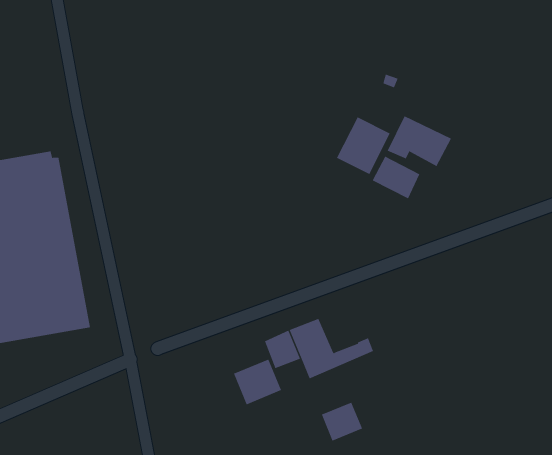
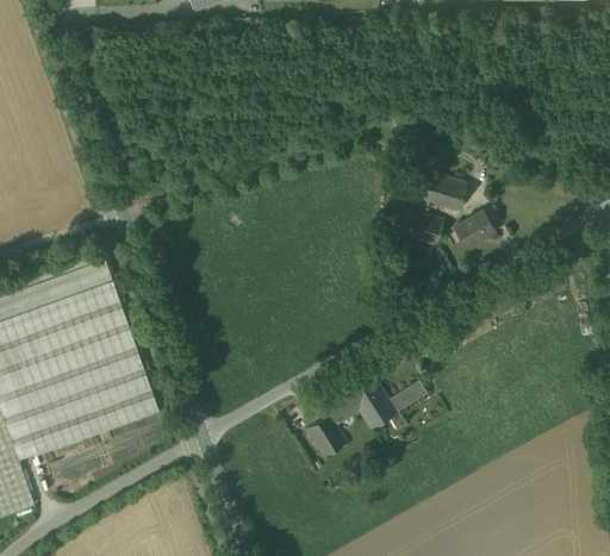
building: [336,117,391,175] -> none
building: none -> [454,211,496,249]
building: [321,402,363,441] -> none

